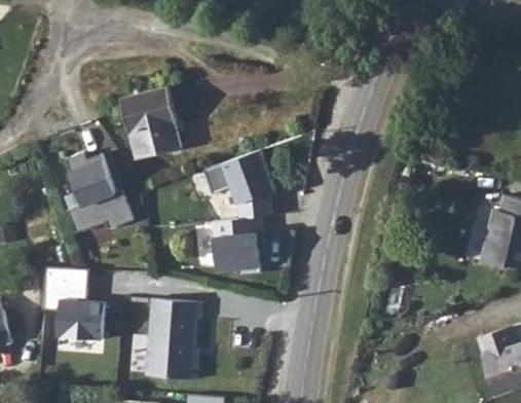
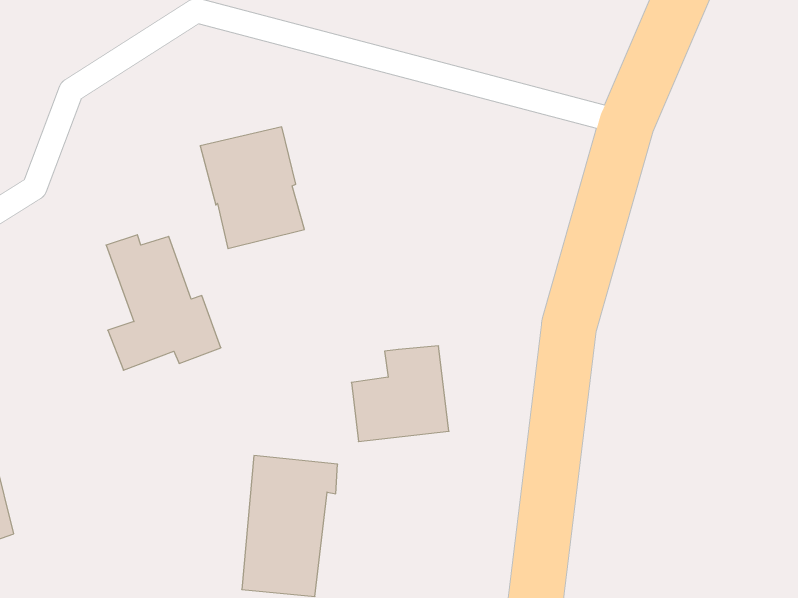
building: [200,153,272,220] -> none
building: [39,268,102,342] -> none

